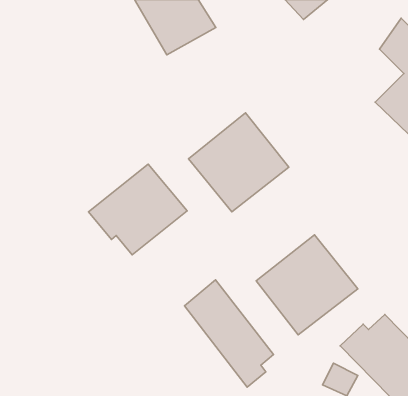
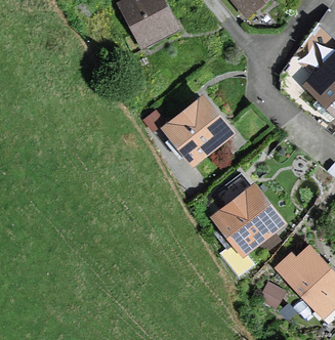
building: [89,164,187,255] -> none
building: [184,280,273,387] -> none

